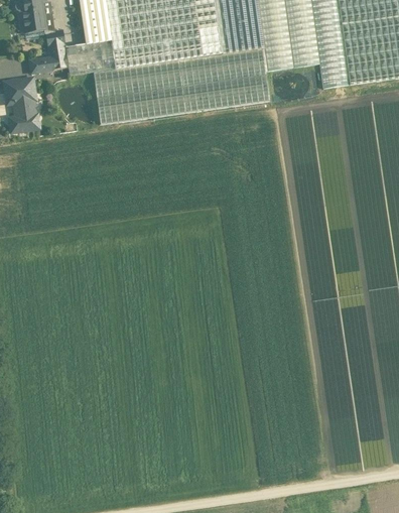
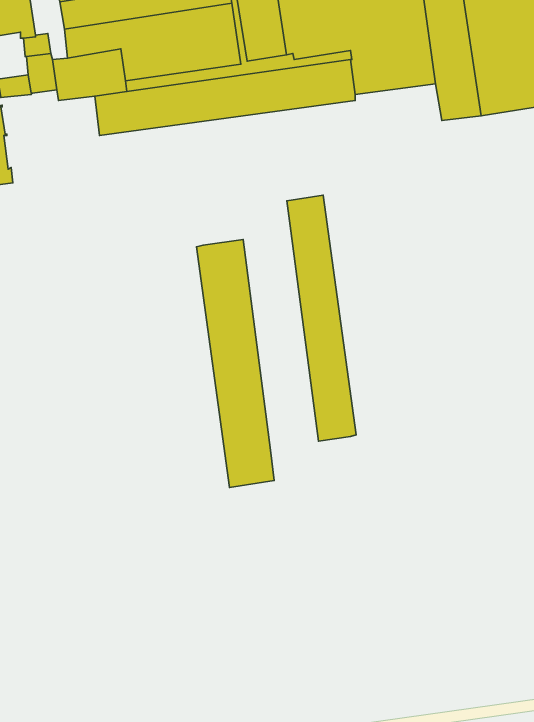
building: [96,75,269,124] -> none
building: none -> [287,195,356,441]
building: none -> [197,240,274,487]

